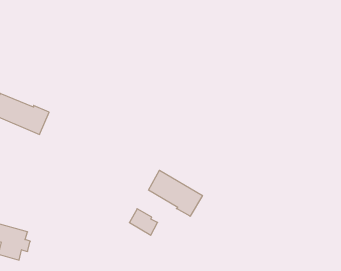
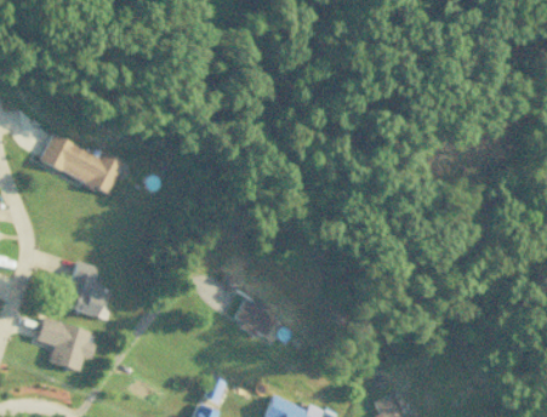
building: [149,170,202,216] -> none
building: none -> [64,261,110,320]

